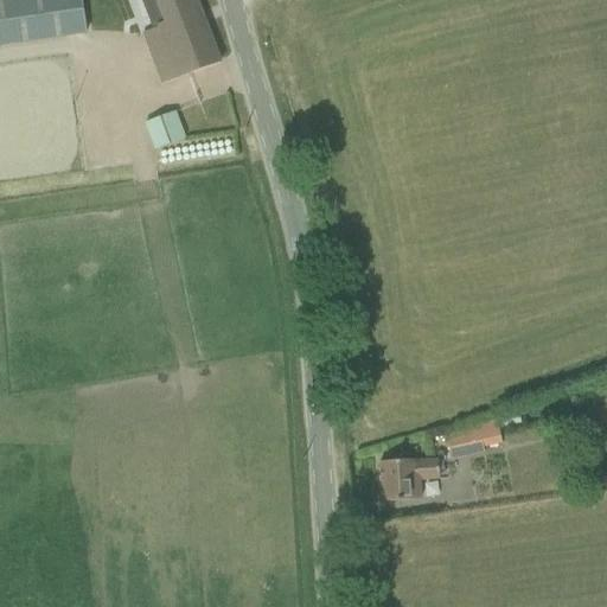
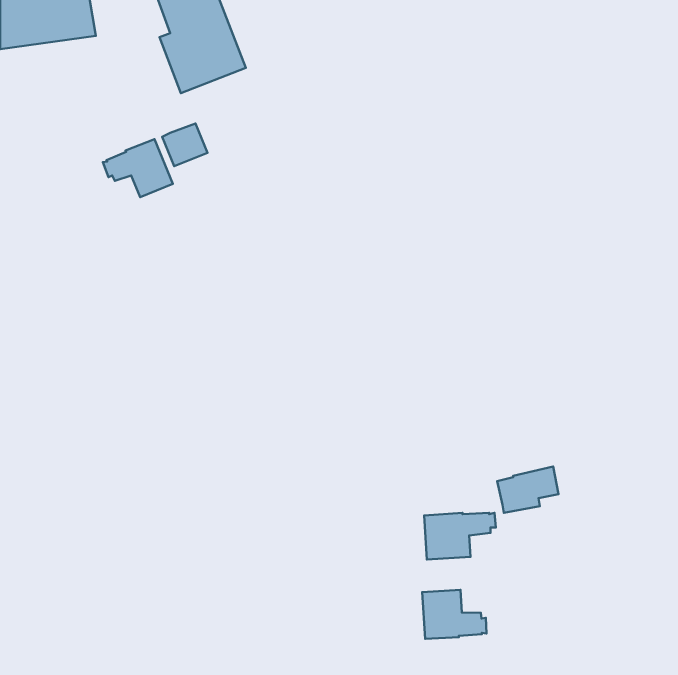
building: none -> [103,139,173,197]
building: none -> [422,590,487,639]

